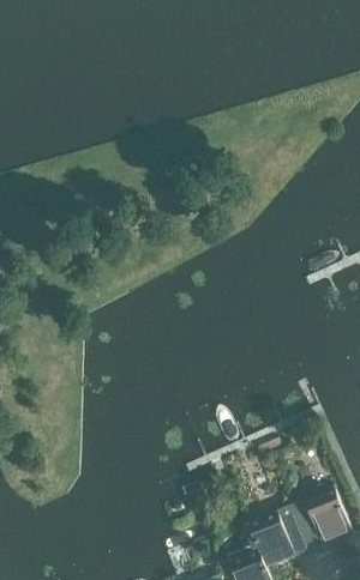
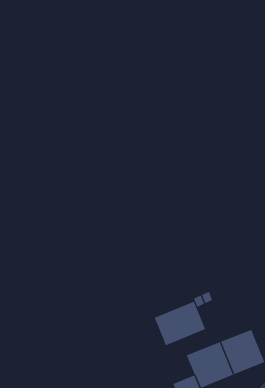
building: none -> [154,301,206,346]

